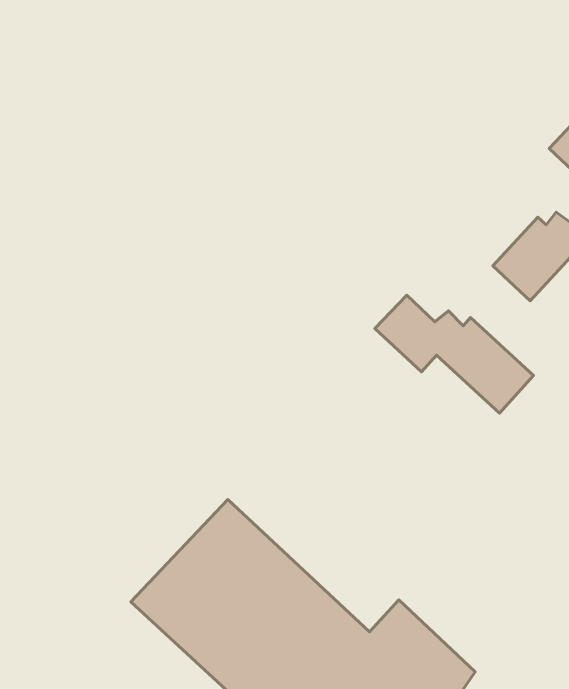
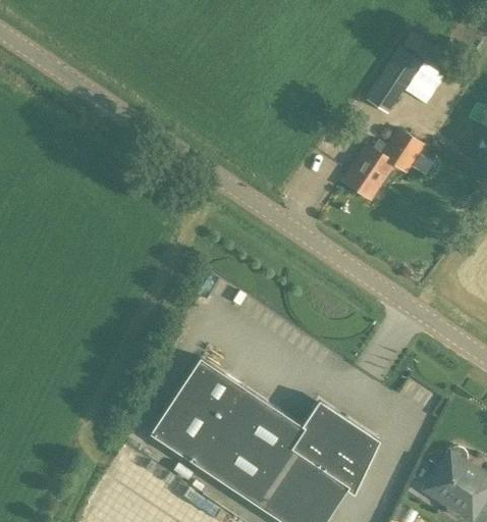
building: [375,295,534,413] -> none

